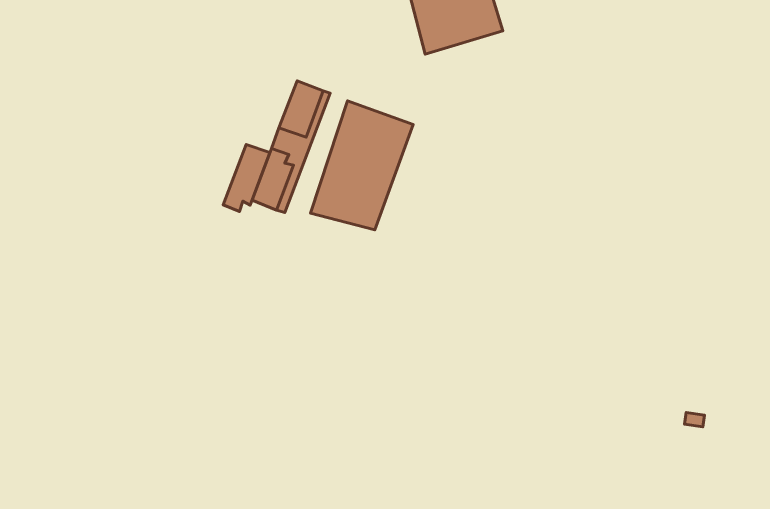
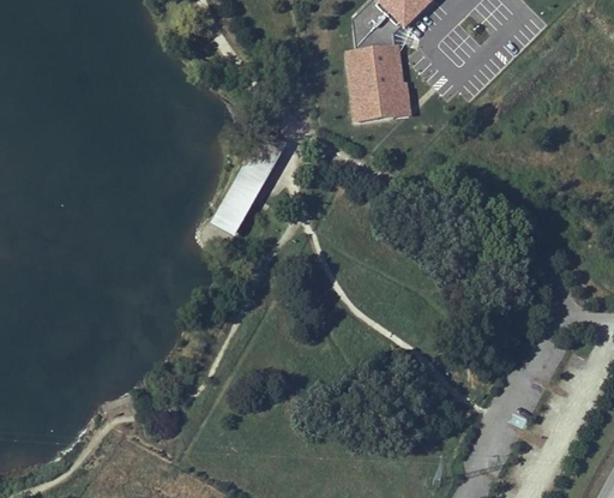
building: [310,101,413,230] -> none
building: [223,144,270,212] -> none

